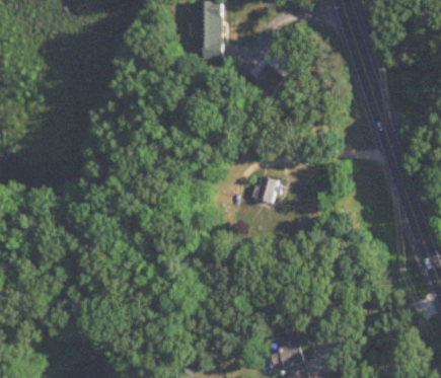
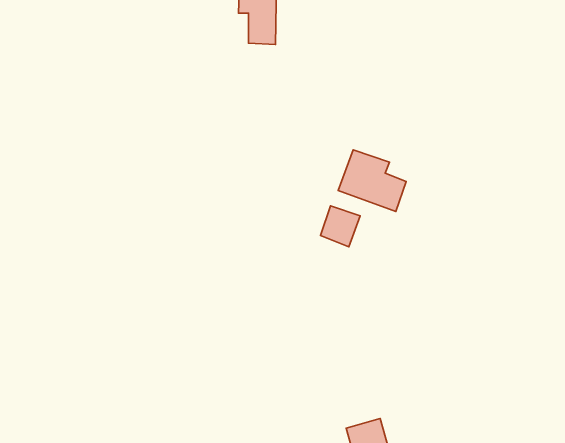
building: none -> [338,150,406,212]

